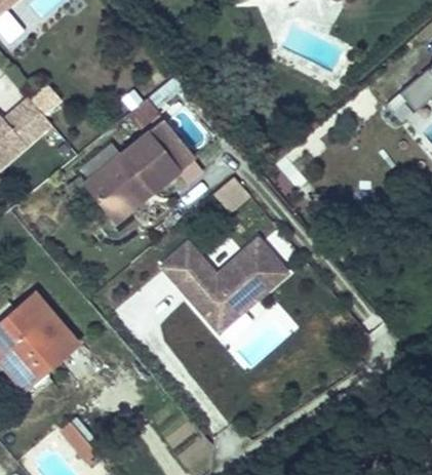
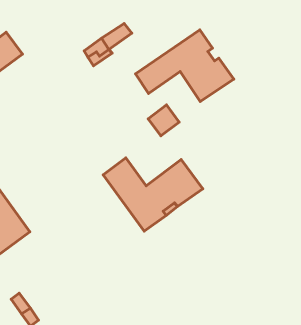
building: none -> [136,30,234,102]
building: [85,119,197,223] -> none

